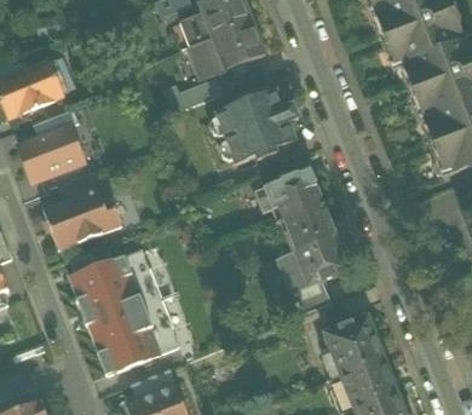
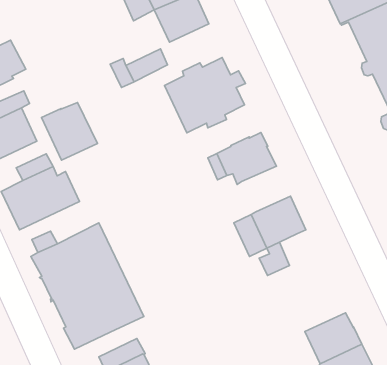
building: [189,36,224,79] -> none
building: none -> [42,102,98,160]
building: [287,202,336,248] -> none
building: [324,316,382,373] -> none

